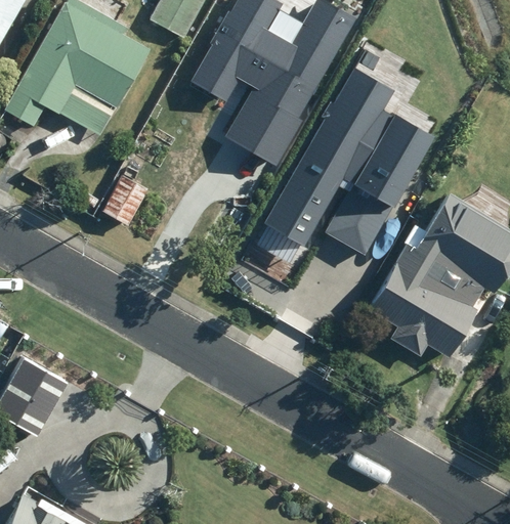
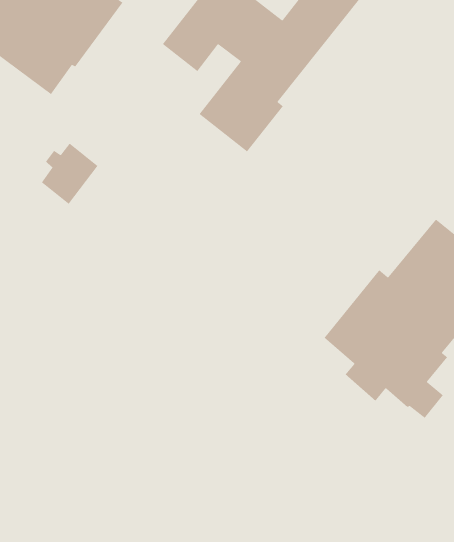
building: [268,68,431,251] -> none

